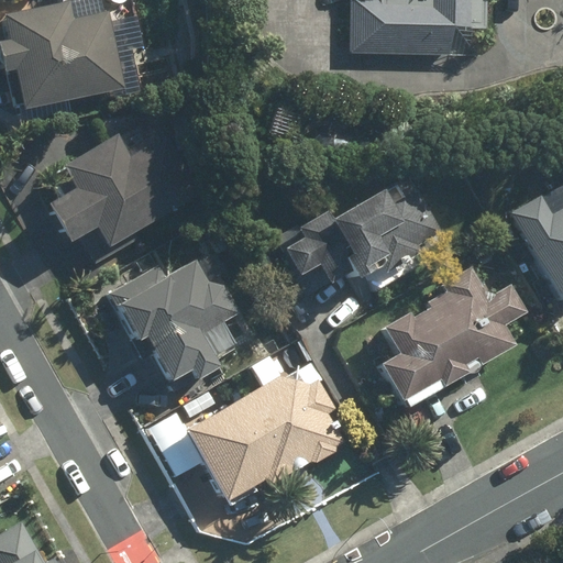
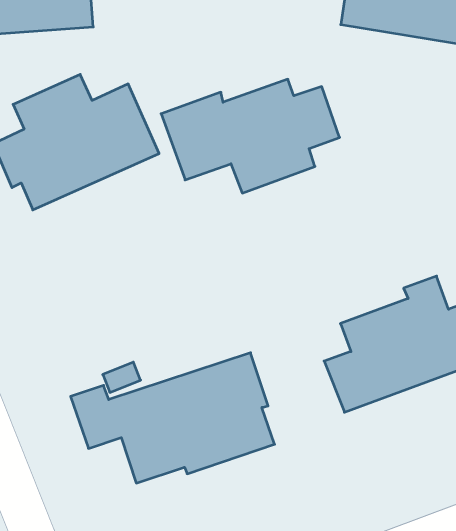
building: [277,186,443,296] -> [161,79,340,193]
building: [108,258,239,378] -> none

